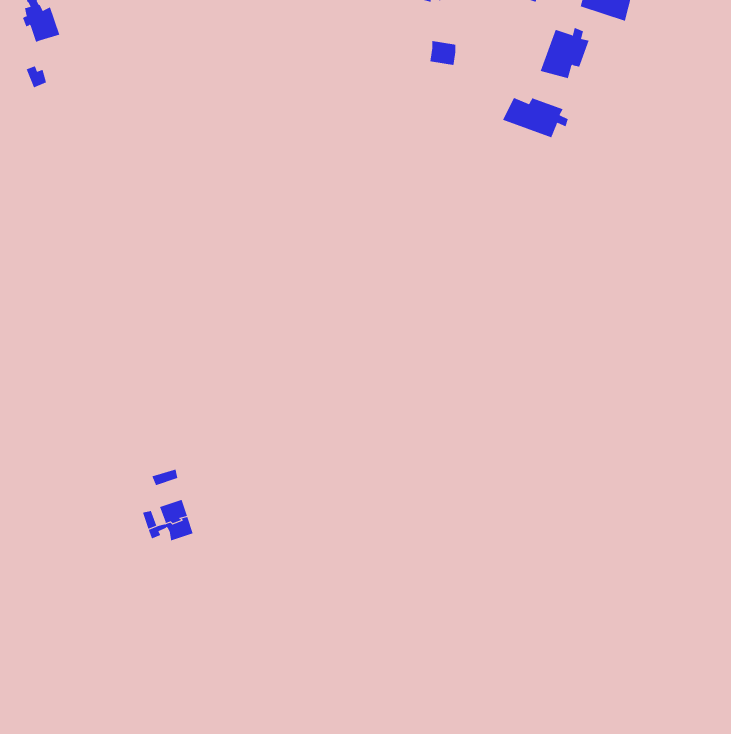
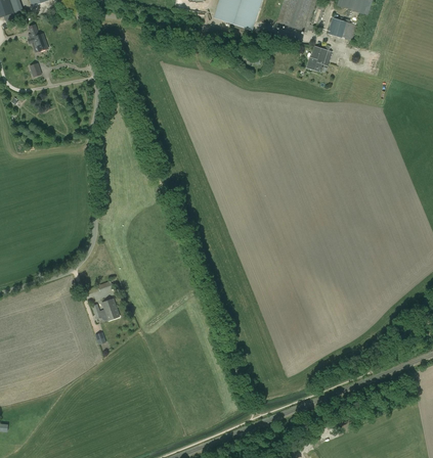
building: [502,97,569,138] -> none

